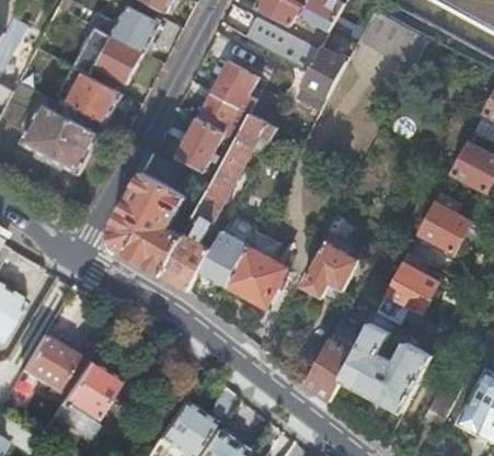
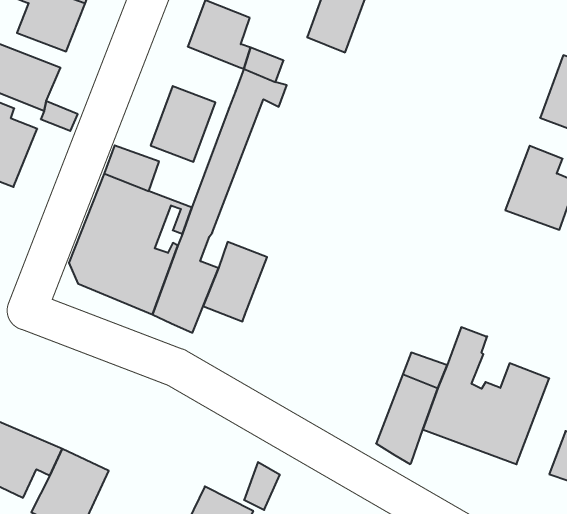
building: [196,90,243,137] -> none
building: [226,235,285,304] -> none
building: [301,236,370,297] -> none
building: [376,252,437,320] -> none

